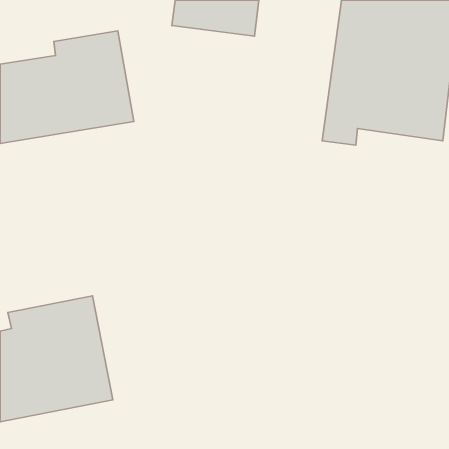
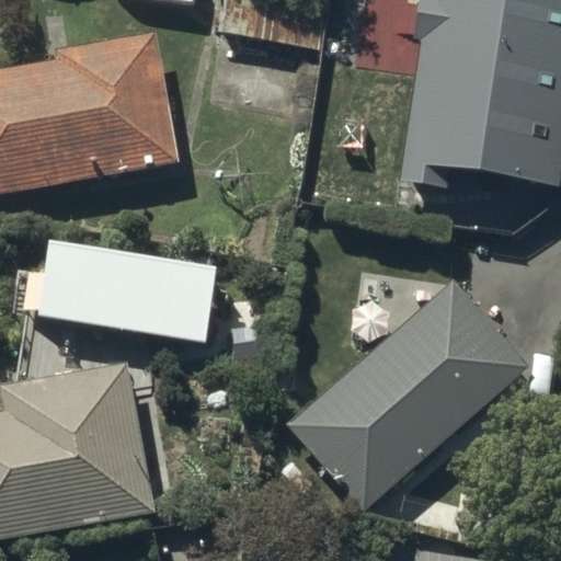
building: none -> [43,242,214,339]
building: none -> [298,289,523,504]

